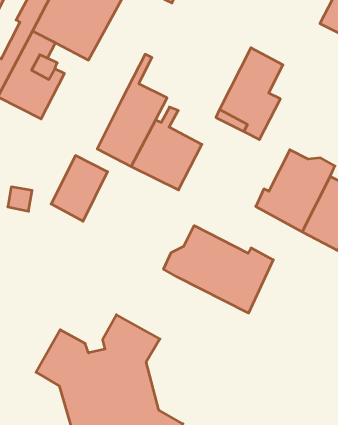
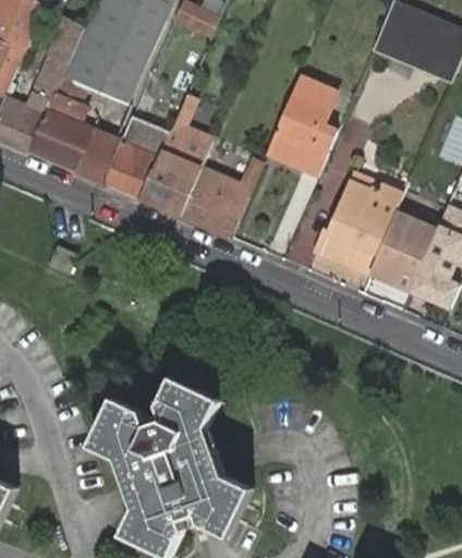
building: none -> [77,133,115,181]
building: [51,156,108,221] -> [105,129,163,199]
building: [164,226,273,313] -> none

